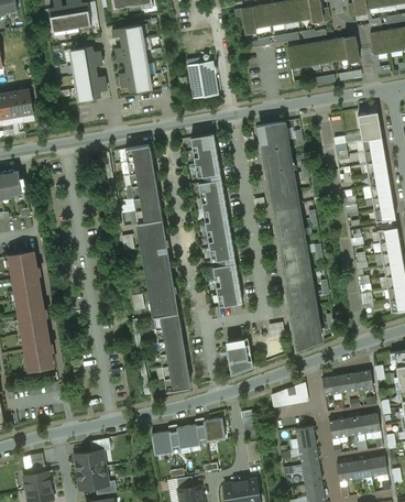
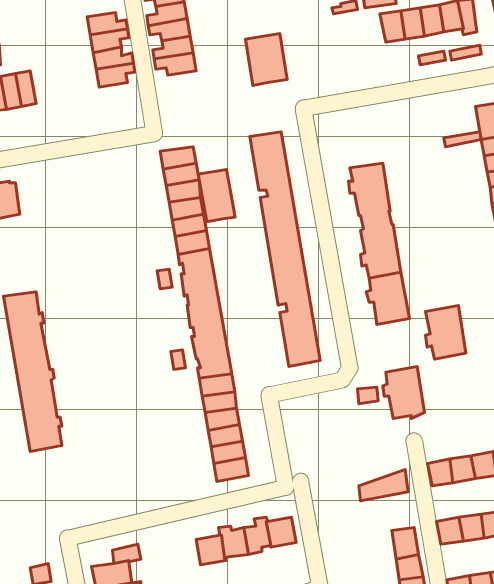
building: [259,121,288,160] -> none
building: none -> [198,169,235,222]
building: [284,271,314,310] -> [426,305,466,359]
building: [226,342,253,374] -> none

